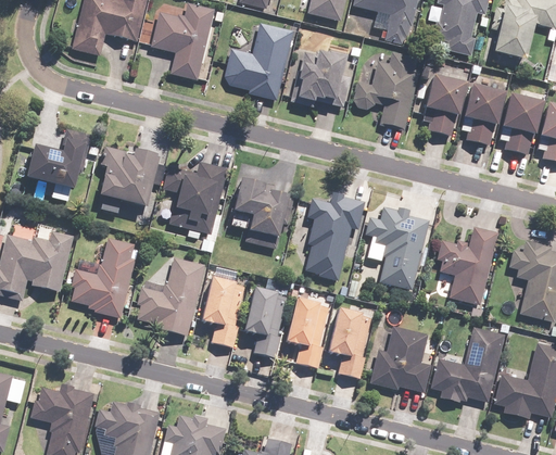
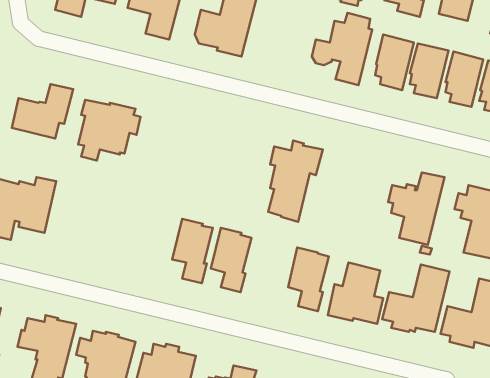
building: [291,49,351,106] -> none
building: [163,161,227,251] -> none
building: [230,179,294,249] -> none
building: [366,205,429,289] -> none
building: [71,238,134,317] -> none
building: [137,257,204,336] -> none
building: [285,298,328,368] -> none

